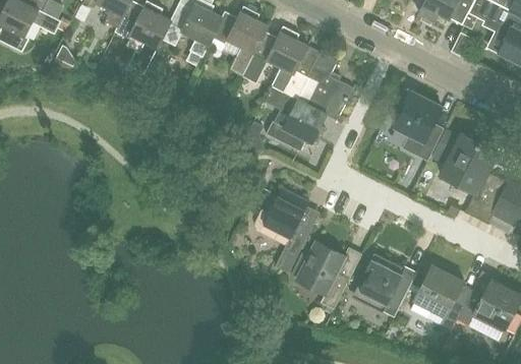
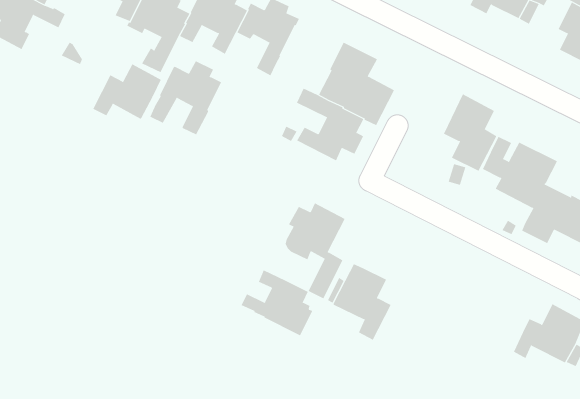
building: [242,26,306,93] -> [150,60,222,135]
building: none -> [93,63,162,119]
building: none -> [241,269,313,336]
building: [359,253,413,317] -> none
building: [410,264,465,332] -> none

